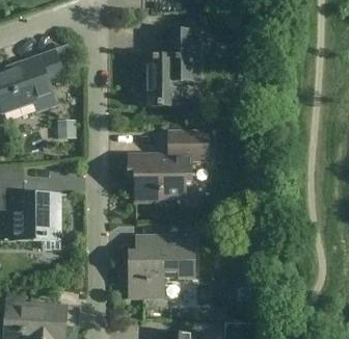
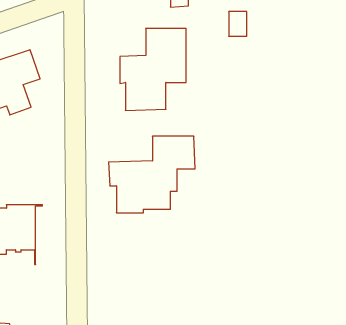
building: [129,234,193,296] -> none

